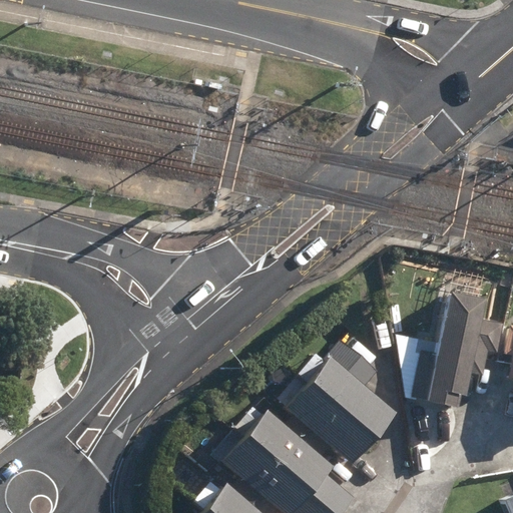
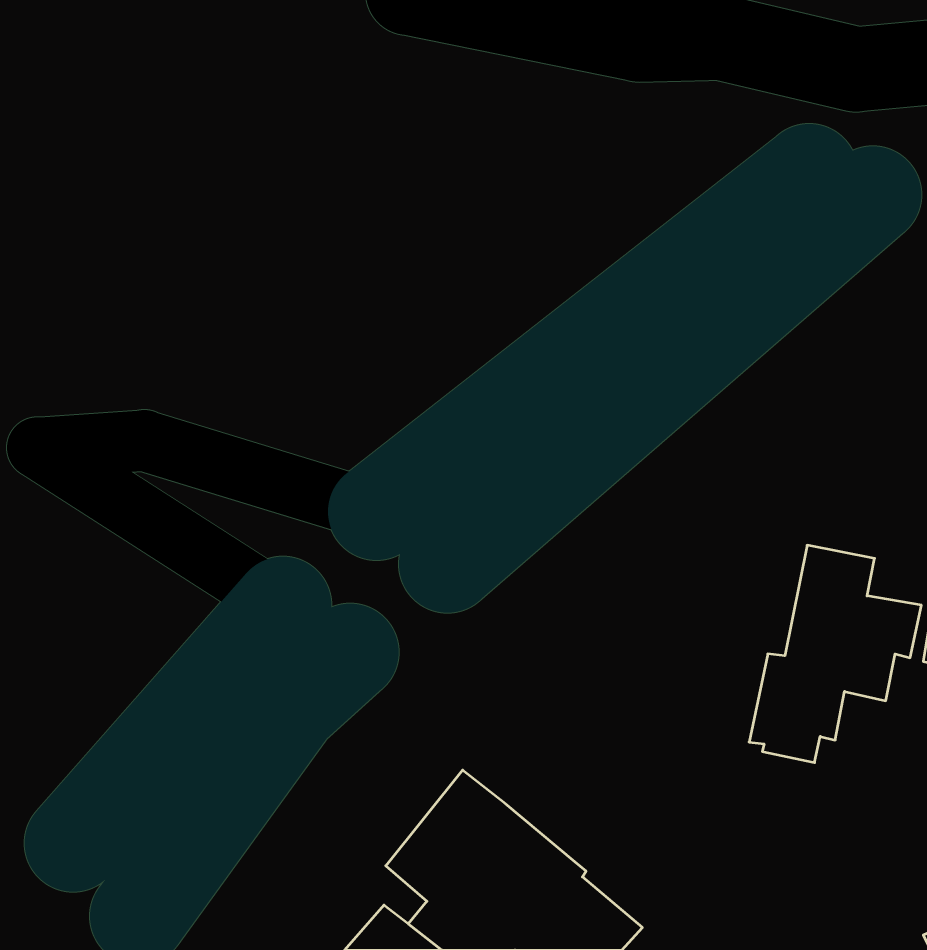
building: [283,340,392,464] -> none

